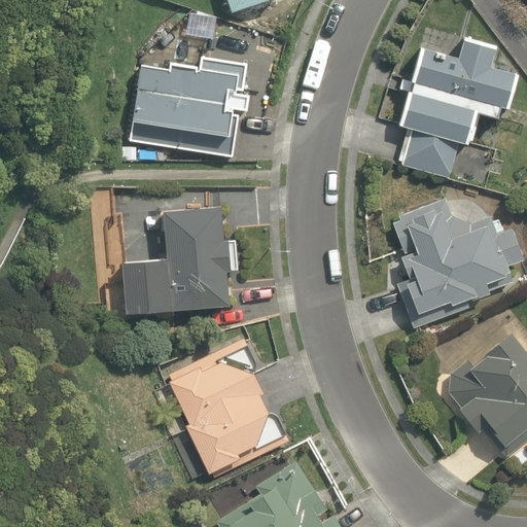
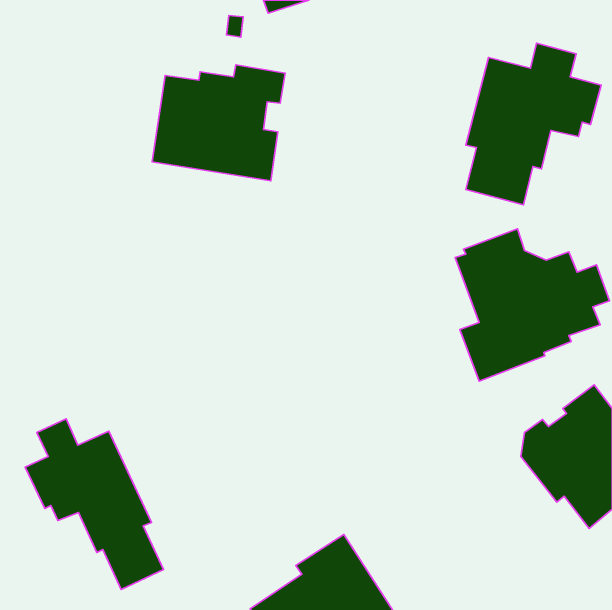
building: [121,208,231,312] -> none
building: [165,332,285,473] -> none
building: none -> [25,419,164,590]

